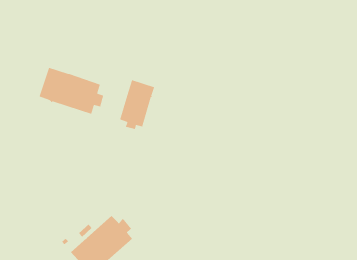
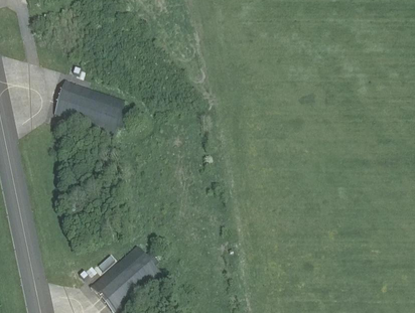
building: [119,79,155,130] -> none

